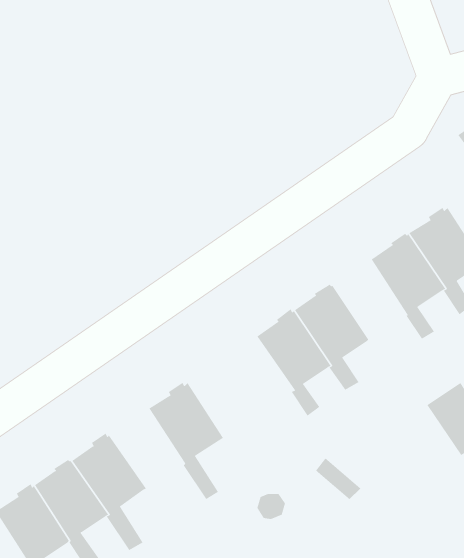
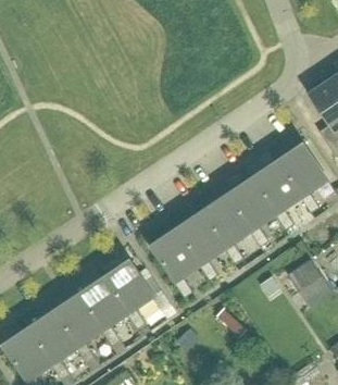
building: none -> [227,175,276,247]
building: none -> [150,226,201,298]
building: none -> [78,275,128,353]

